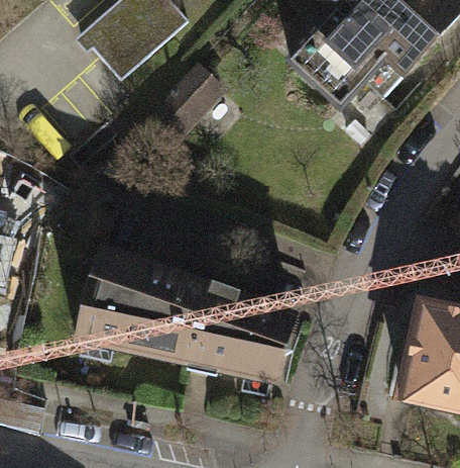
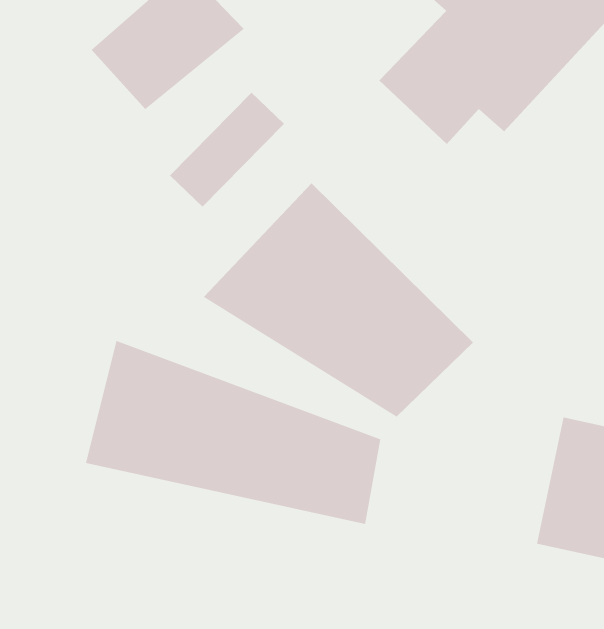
building: none -> [203,183,474,417]

